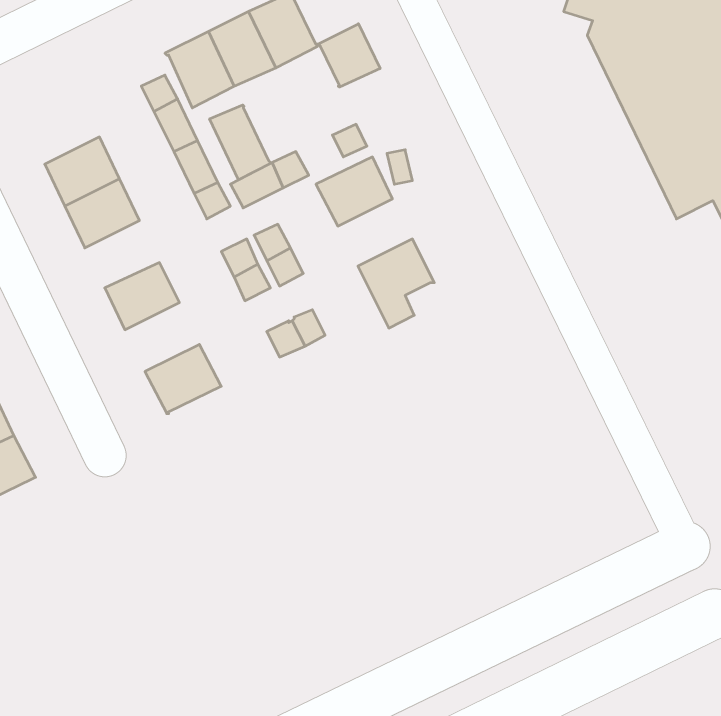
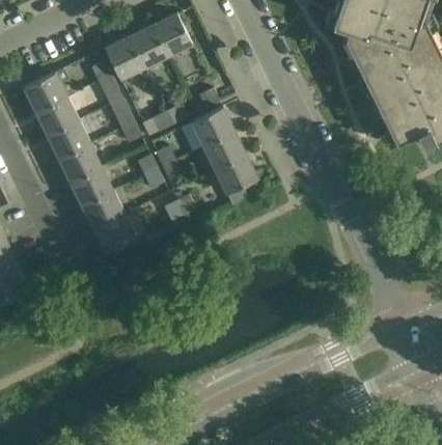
building: [318,24,380,87] -> none
building: none -> [24,68,75,111]
building: [210,105,271,180] -> none
building: none -> [203,131,246,169]
building: none -> [59,143,102,182]
building: none -> [82,190,125,229]

